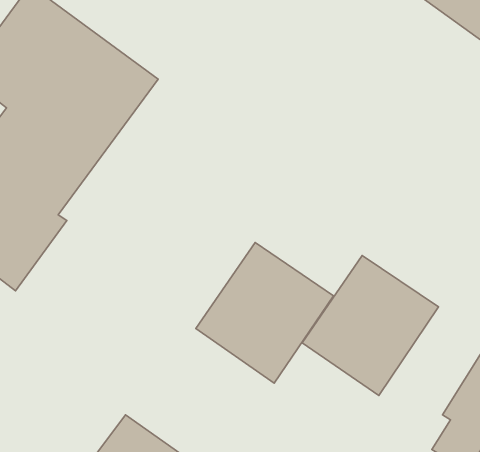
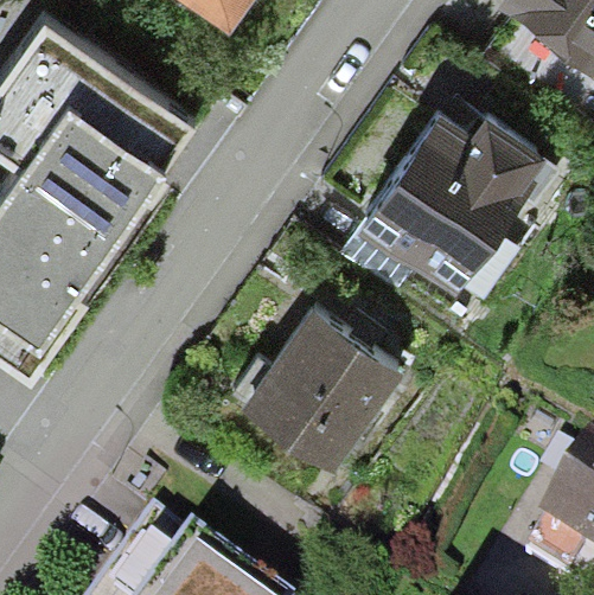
building: none -> [356,89,556,302]
building: [302,255,438,395] -> none

